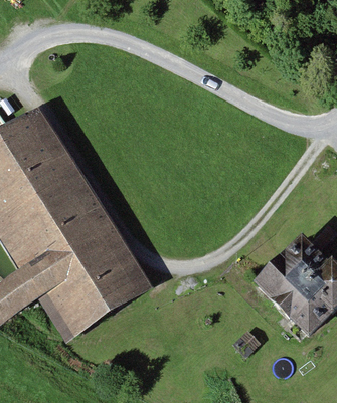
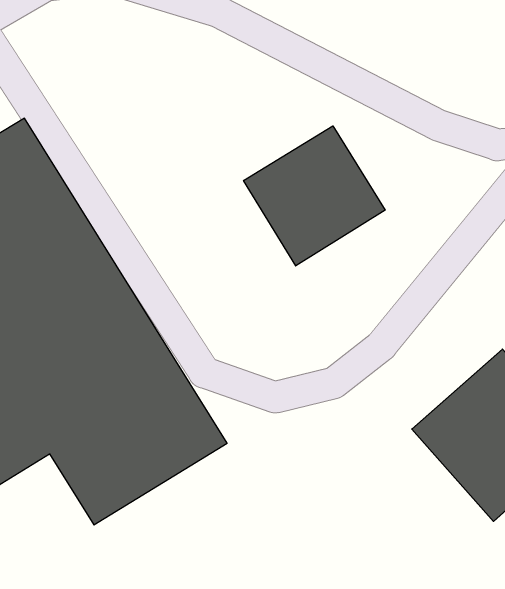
building: none -> [244,126,385,266]

